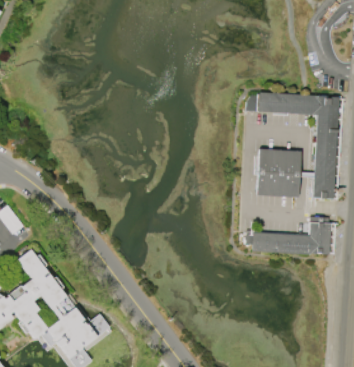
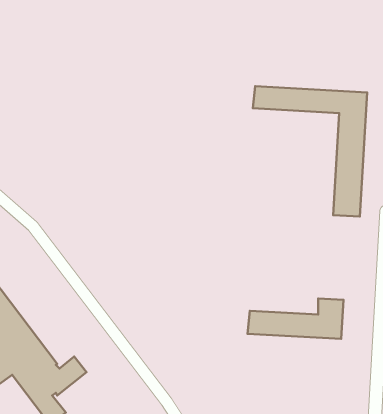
building: [255,148,300,197] -> none
building: [251,222,330,255] -> [248,299,344,339]

